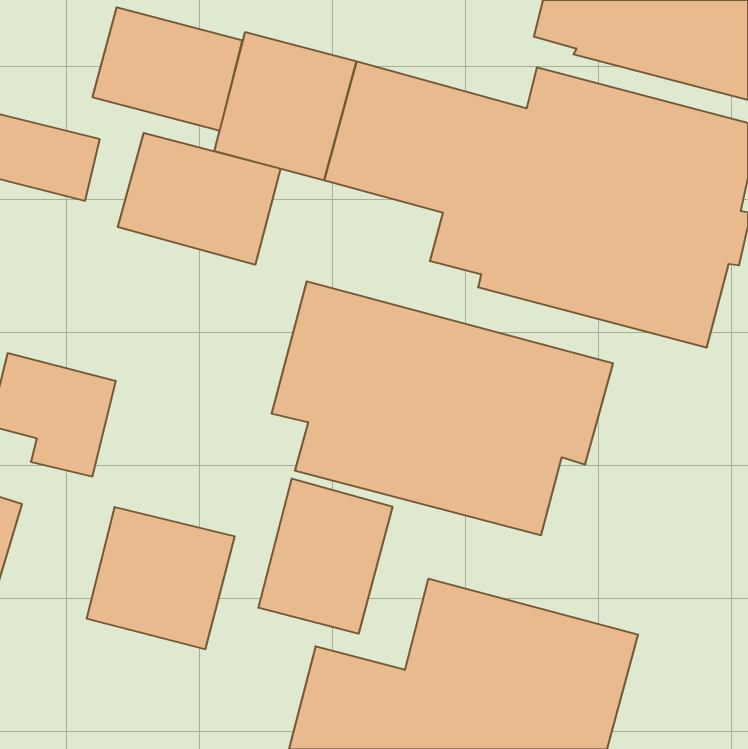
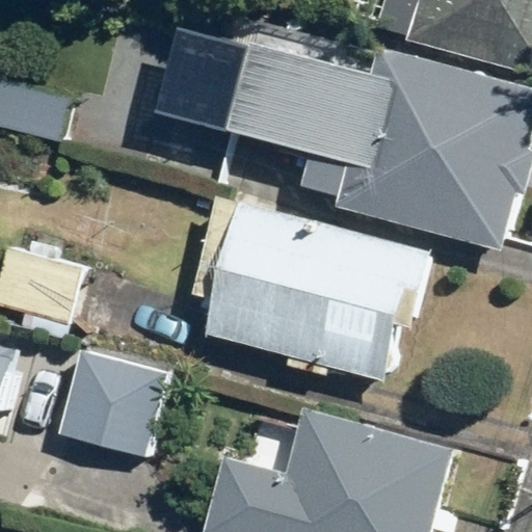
building: [93,7,242,131] -> none
building: [118,133,280,265] -> none
building: [258,478,392,634] -> none

